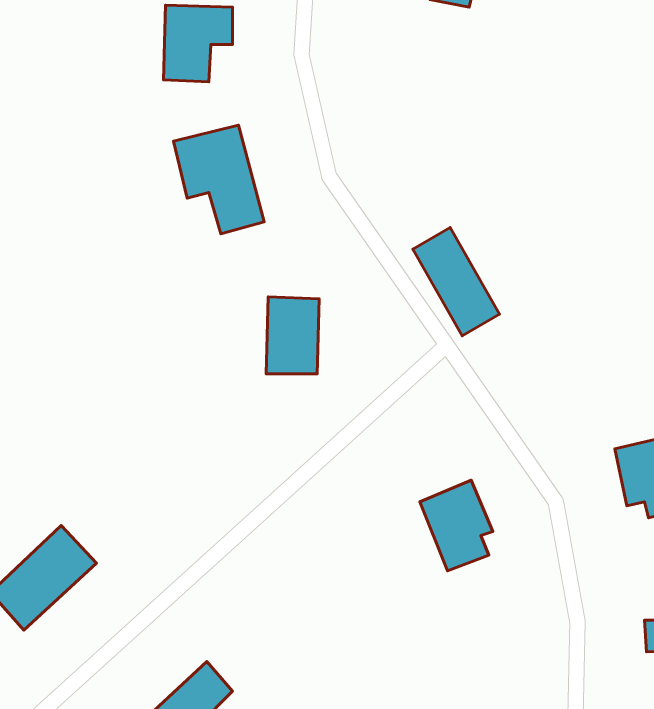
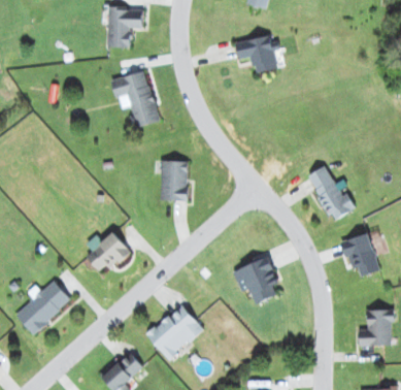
building: none -> [235,35,279,73]
building: [413,228,500,336] -> [306,164,352,221]
building: none -> [86,231,129,274]
building: none -> [146,303,203,359]

